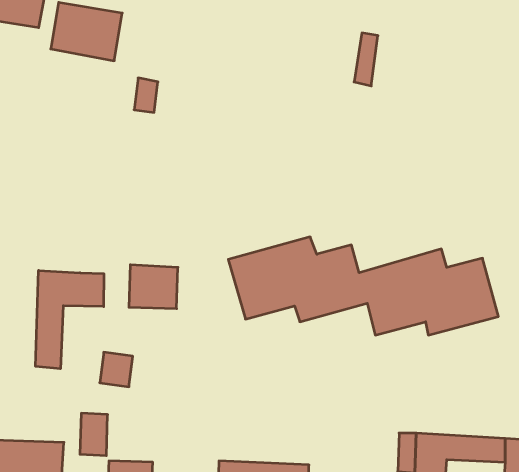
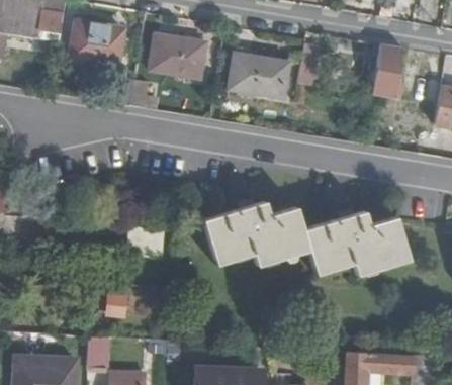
building: none -> [149,36,205,82]
building: none -> [372,44,404,100]
building: none -> [228,56,288,99]
building: [36,270,104,369] -> none

